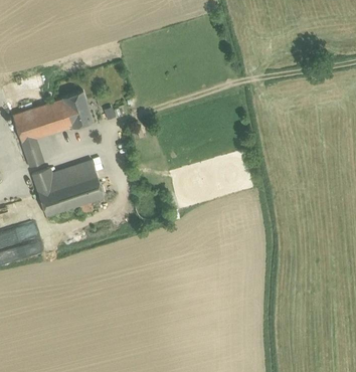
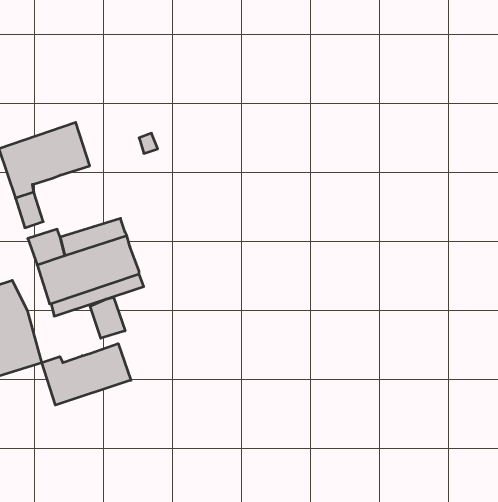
building: [62,90,93,128] -> none
building: none -> [90,297,125,338]
building: none -> [42,344,131,405]

